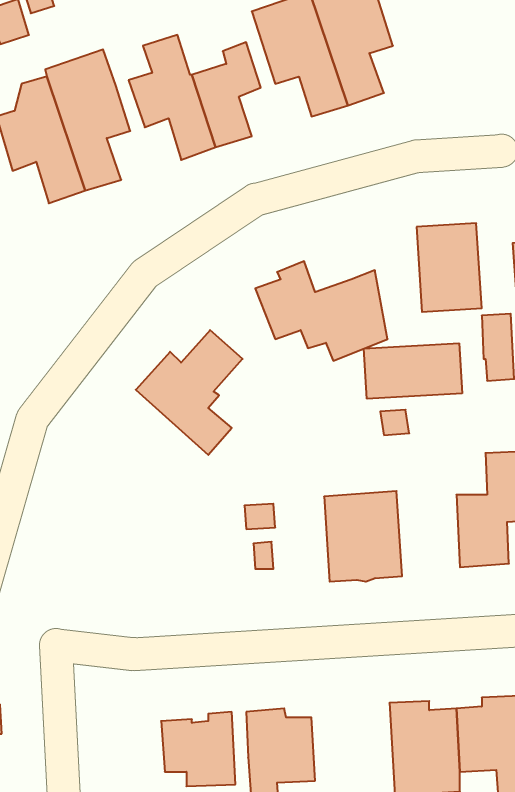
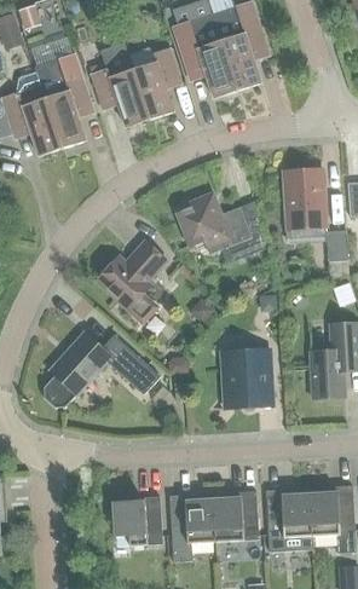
building: [364,343,462,399] -> none
building: none -> [45,329,161,410]
building: none -> [213,491,259,542]

